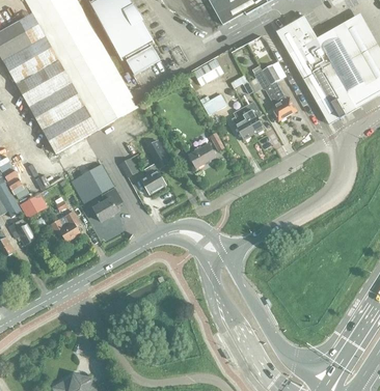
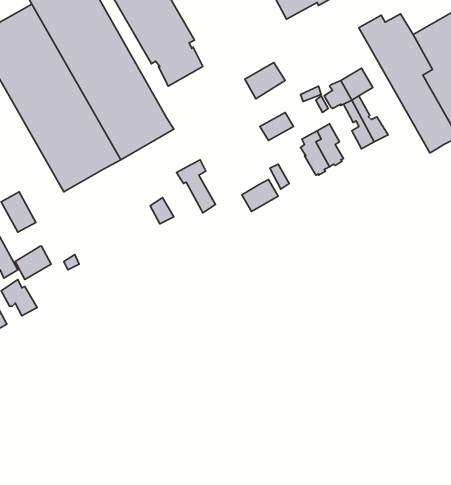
building: [71,164,121,221] -> none
building: [140,164,165,194] -> none
building: [50,211,79,242] -> none

